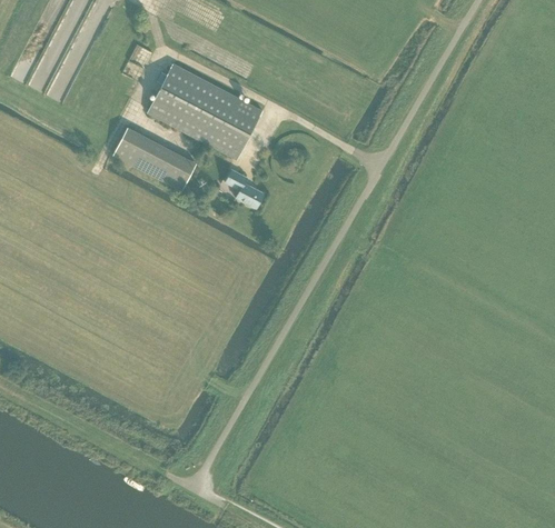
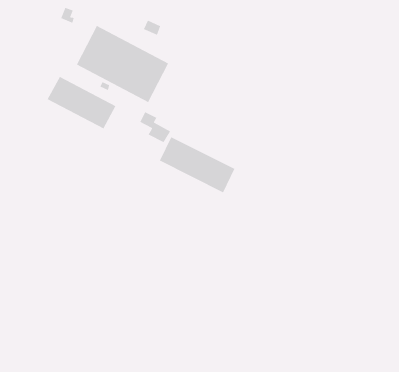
building: none -> [159,136,235,193]

